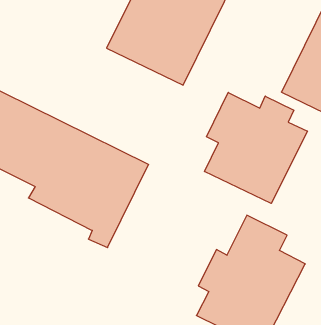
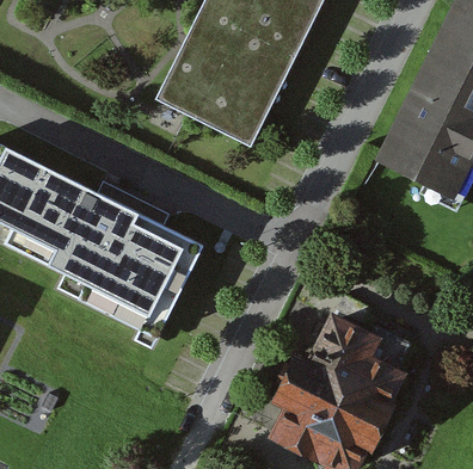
building: [205,92,307,203] -> none

